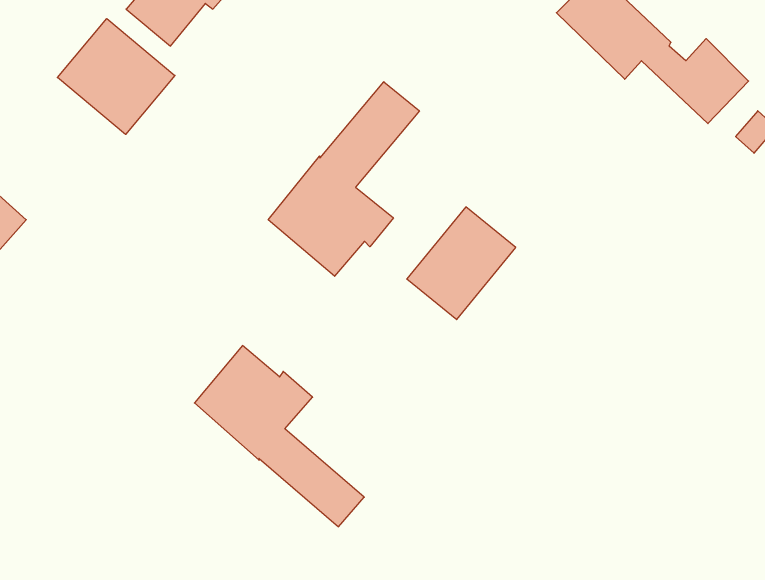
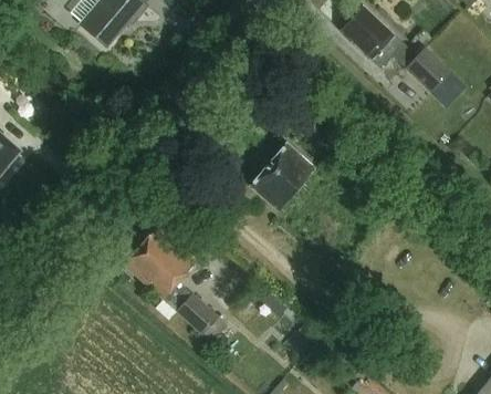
building: [57,19,175,134] -> none
building: [268,82,419,276] -> none

